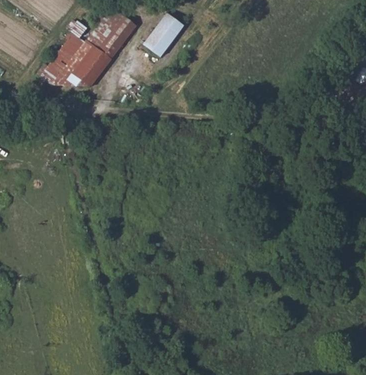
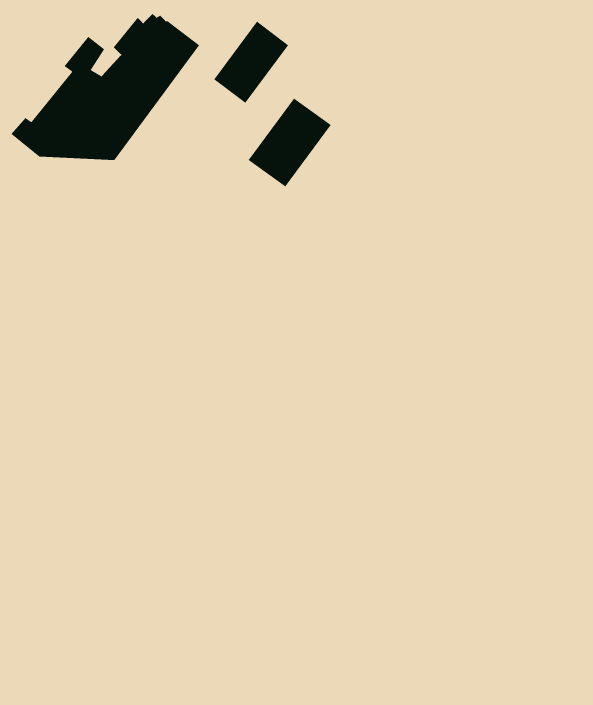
building: none -> [247,98,332,187]

